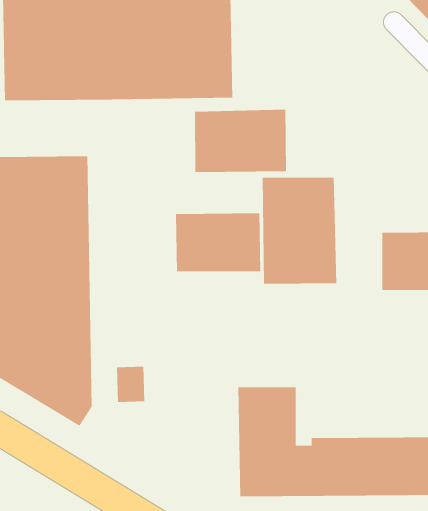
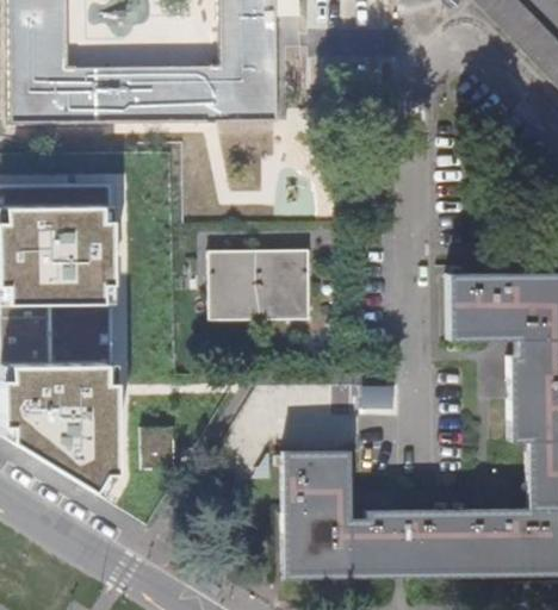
building: [195,109,286,173] -> none
building: [262,177,337,284] -> none

